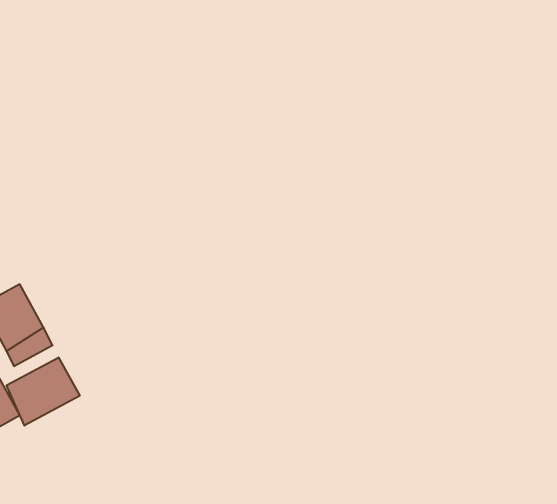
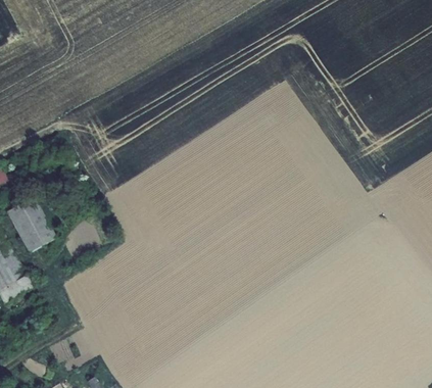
building: [7,357,80,426] -> none

